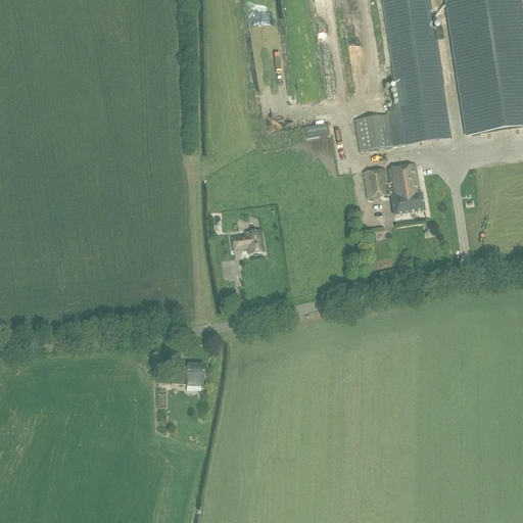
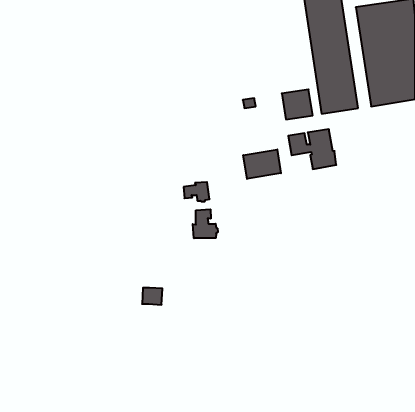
building: none -> [243,149,281,179]
building: none -> [193,209,218,238]

